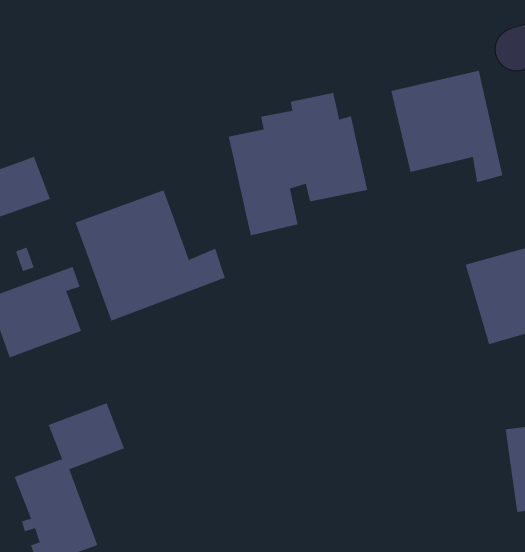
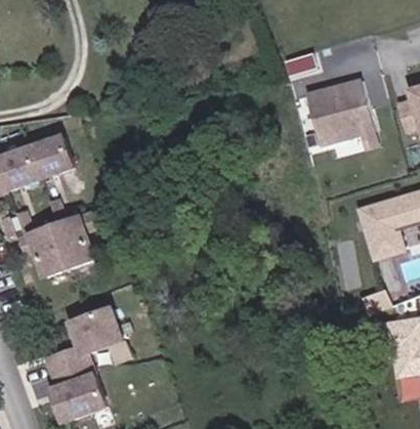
building: [228,92,368,236] -> none
building: [75,190,225,321] -> none

